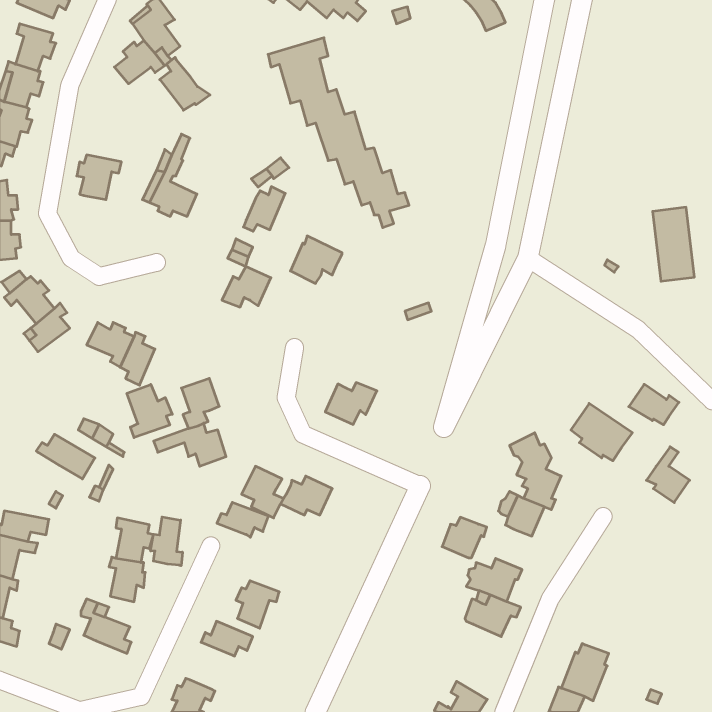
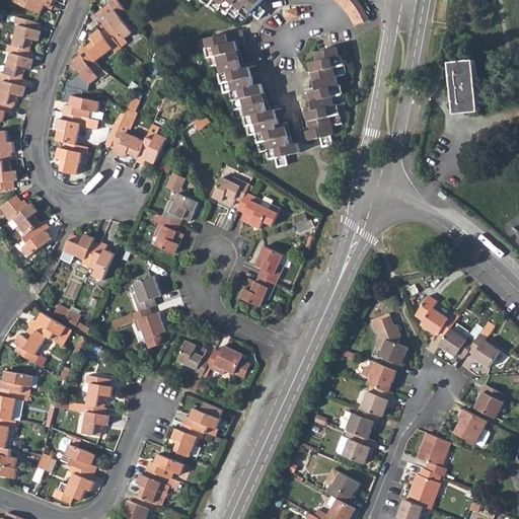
building: [160,57,210,110] -> [71,47,107,85]
building: none -> [301,43,344,144]
building: none -> [63,95,99,119]
building: [243,187,285,231] -> [134,133,164,165]
building: none -> [55,142,87,174]
building: [653,207,694,281] -> [448,61,478,115]
building: none -> [238,193,278,229]
building: none -> [152,214,181,254]
building: none -> [251,246,287,284]
building: [629,384,679,425] -> [440,325,476,355]
building: [127,384,172,438] -> none
building: none -> [12,328,43,365]
building: [217,502,269,537] -> [181,406,219,432]
building: [151,517,182,566] -> none
building: [442,517,487,558] -> [360,384,392,414]
building: none -> [473,380,503,415]
building: none -> [456,406,491,443]
building: none -> [418,432,452,475]
building: none -> [51,465,92,504]
building: none -> [138,466,169,504]
building: none -> [324,467,359,505]

